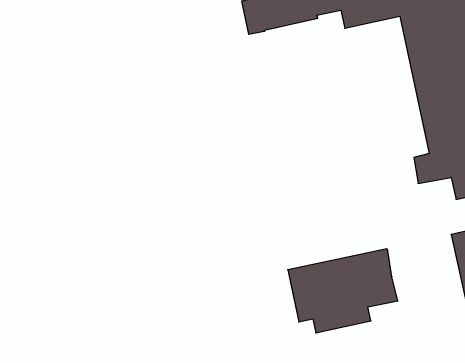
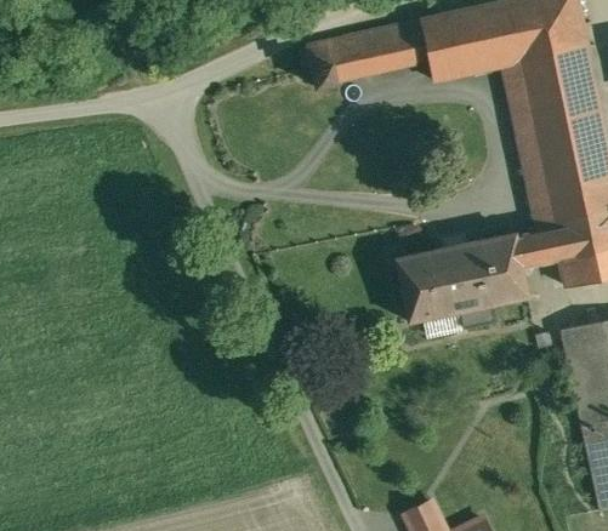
building: [288,249,398,333] -> [396,232,529,333]

